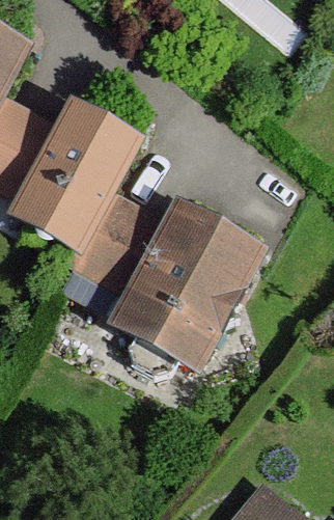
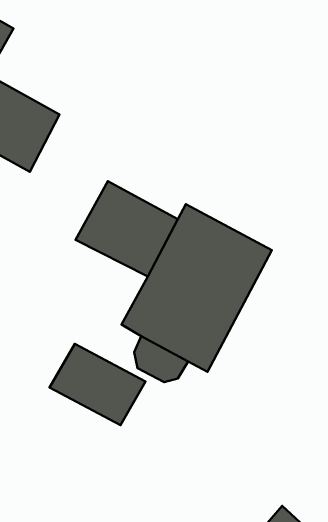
building: [24,109,136,241] -> none
building: none -> [50,344,146,425]

